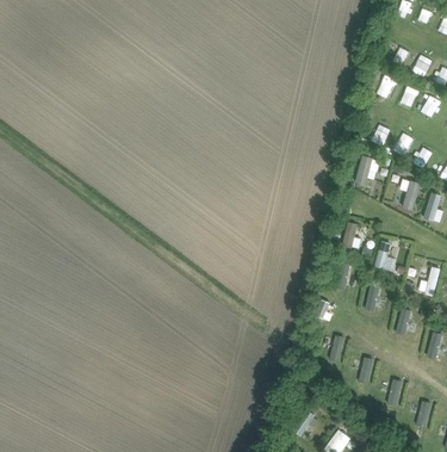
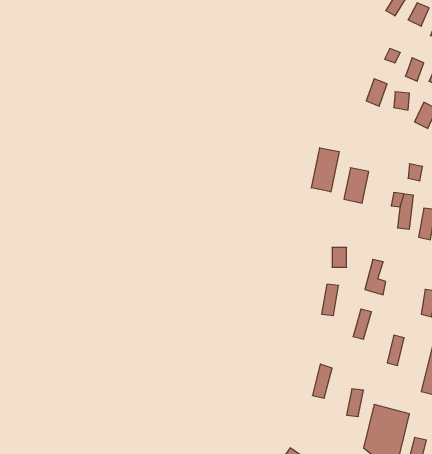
building: none -> [311,148,339,192]

